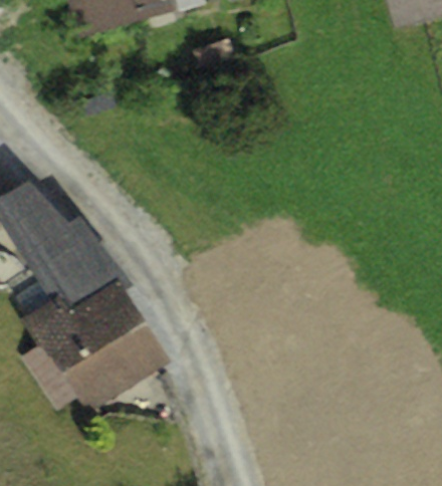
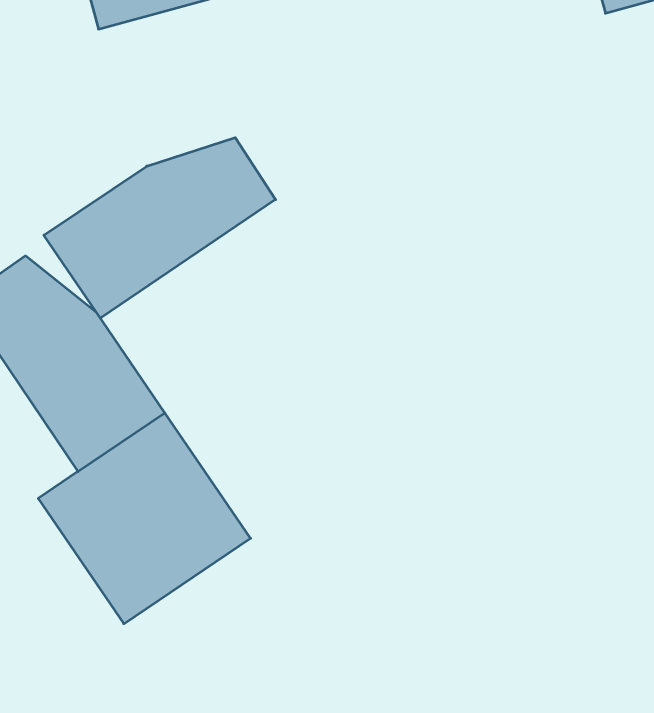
building: none -> [44,138,276,318]

